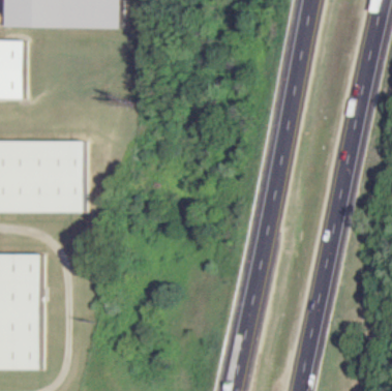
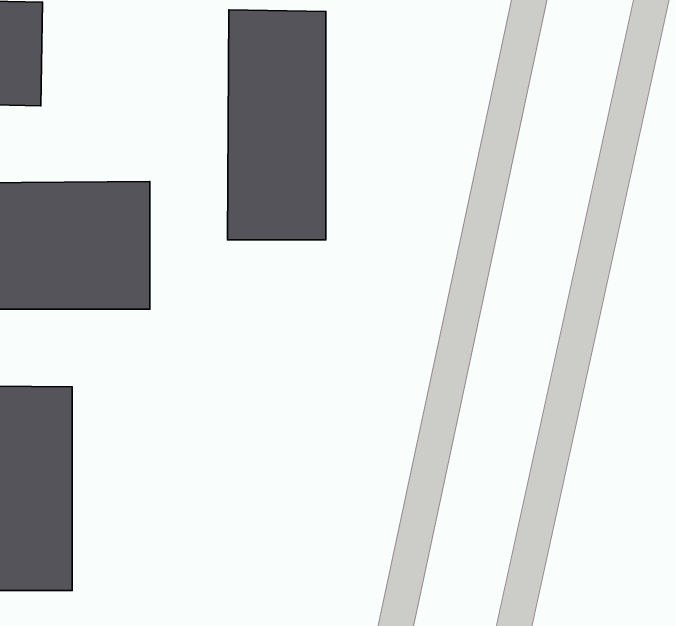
building: none -> [227,10,326,240]

